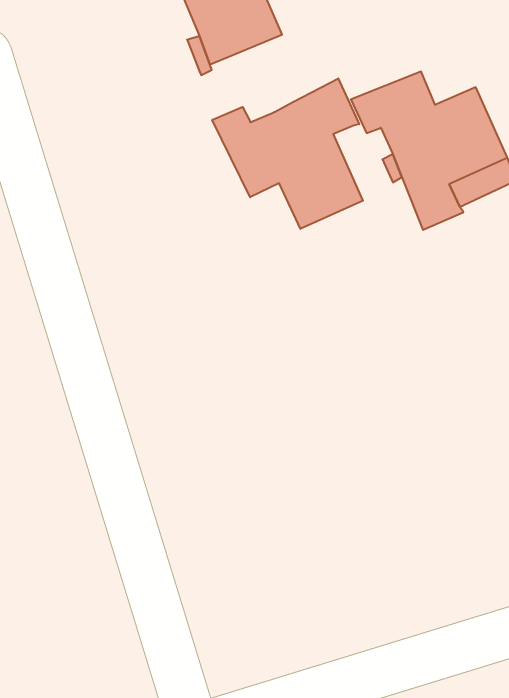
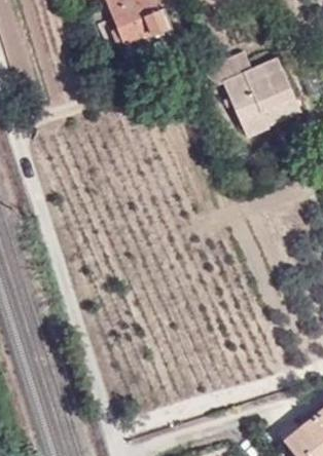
building: [212,78,363,229] -> none

